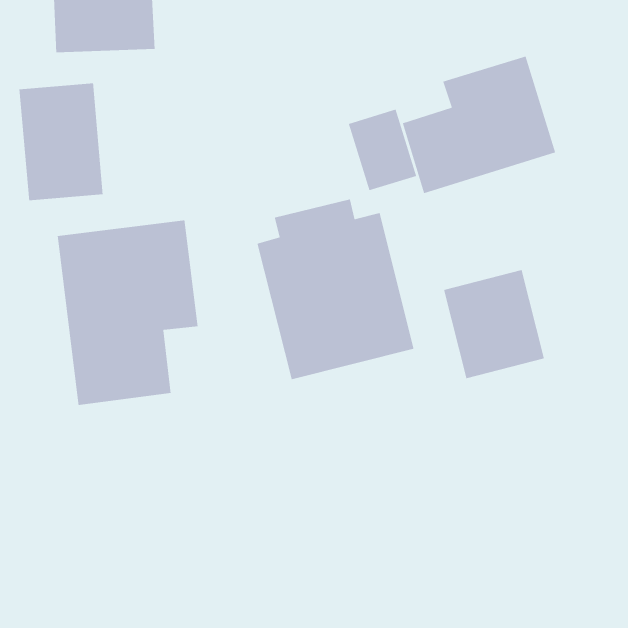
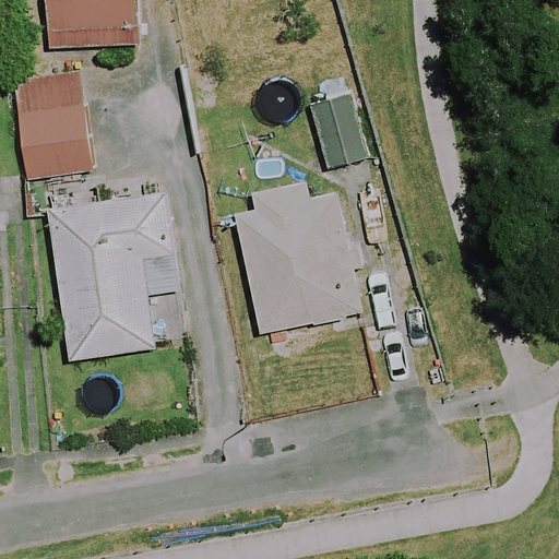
building: [402,55,556,194] -> none
building: [443,269,545,379] -> none

